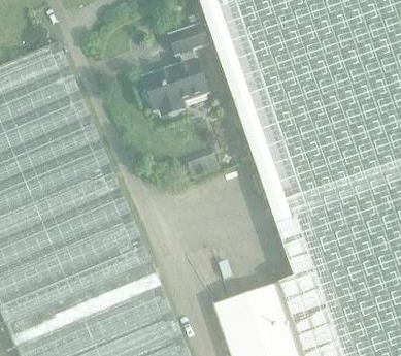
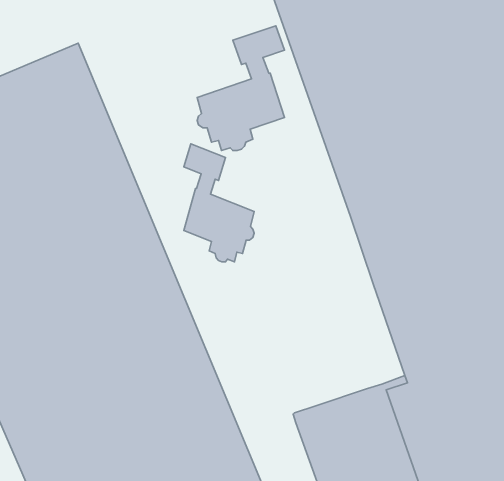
building: none -> [184,144,254,262]

